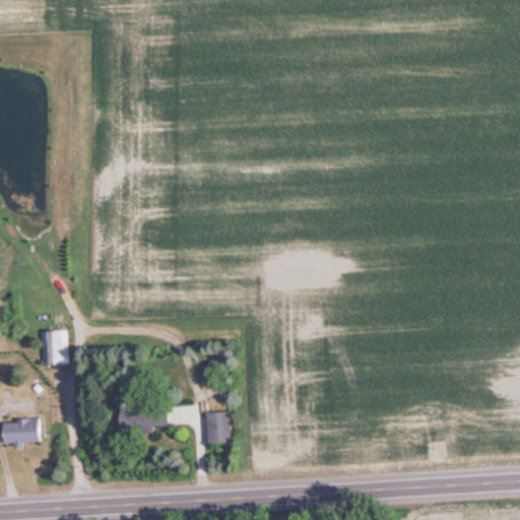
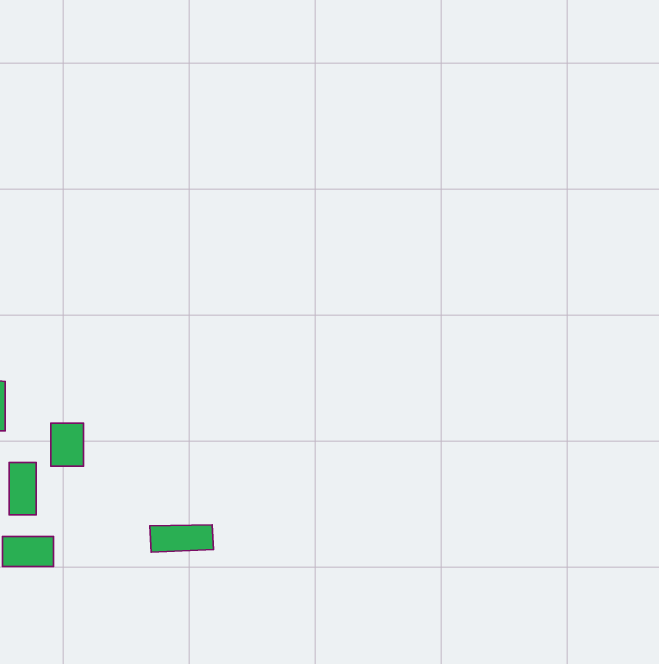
building: none -> [9,463,36,515]
building: [206,412,231,443] -> none

